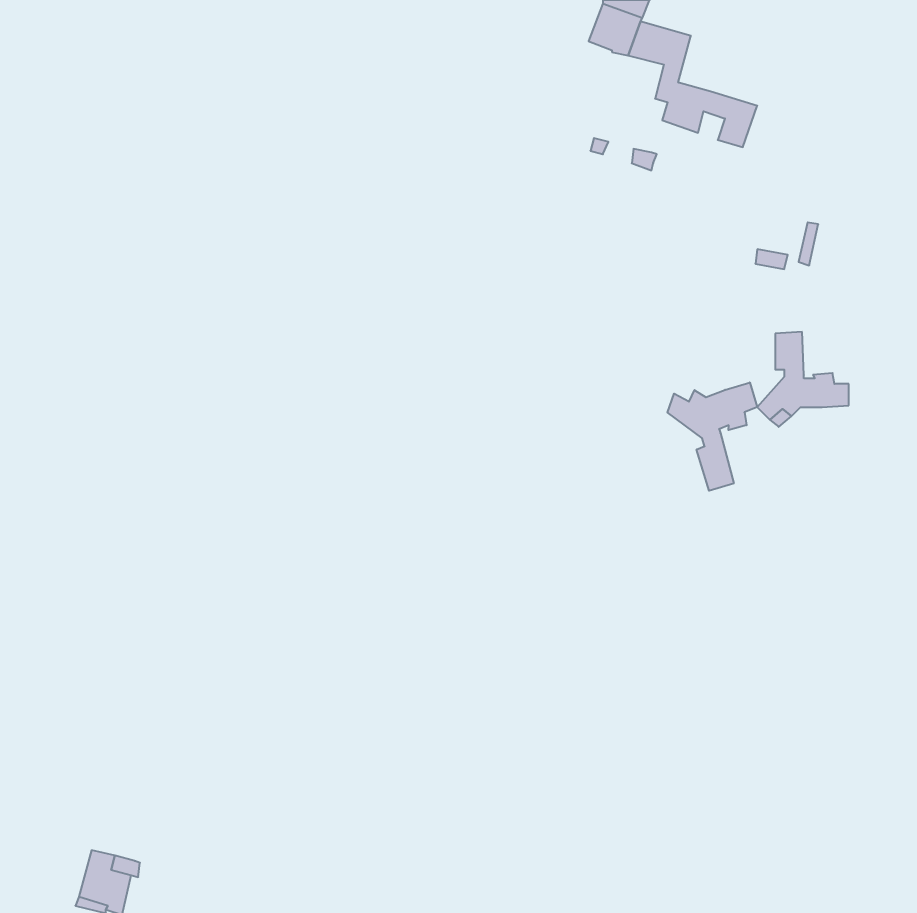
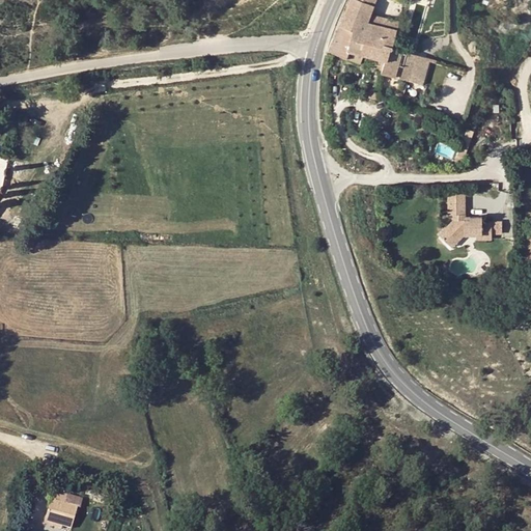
building: none -> [329,26,384,59]
building: [667,382,757,491] -> none

